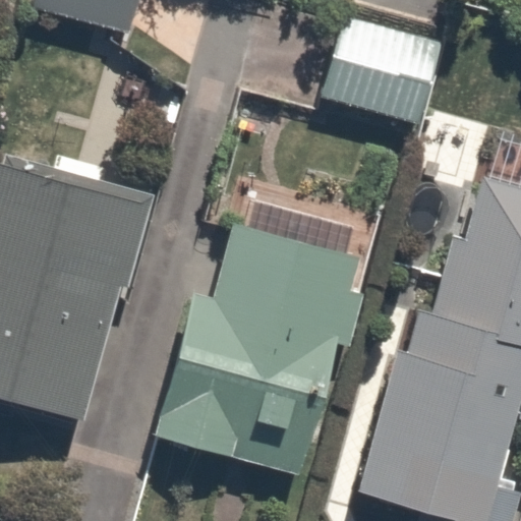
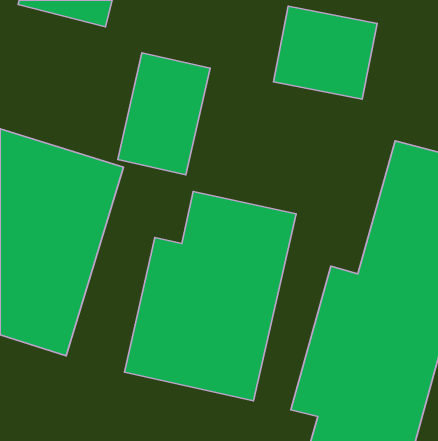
building: none -> [118,53,210,175]

